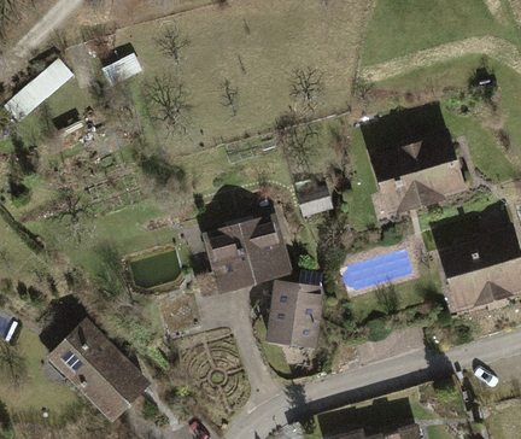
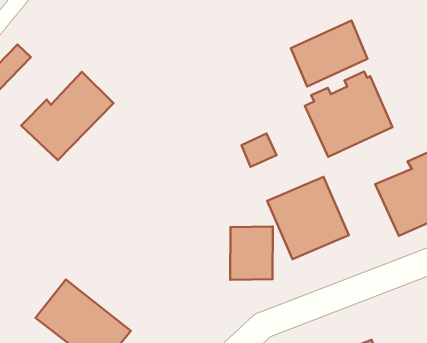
building: none -> [291,20,368,86]
building: none -> [21,72,113,160]
building: [200,205,286,292] -> [267,177,349,259]

